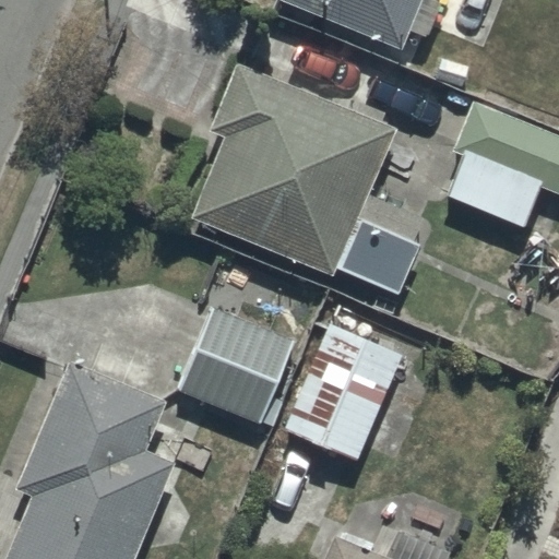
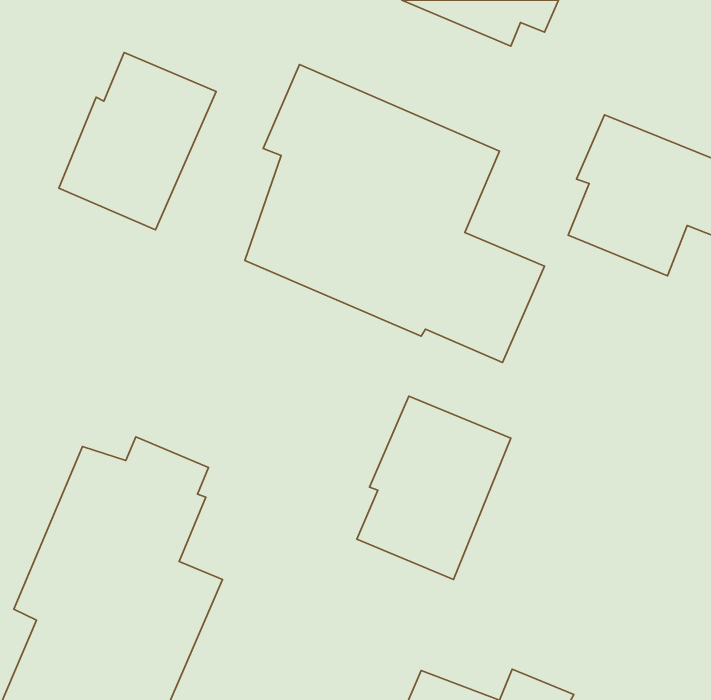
building: none -> [59,52,216,230]
building: [183,309,299,425] -> none

